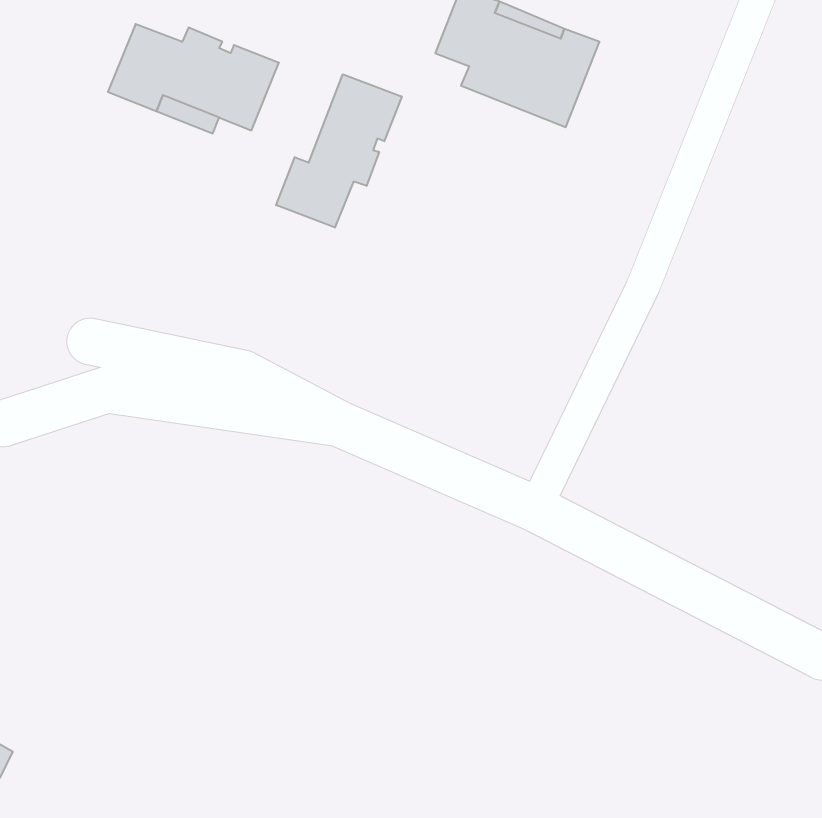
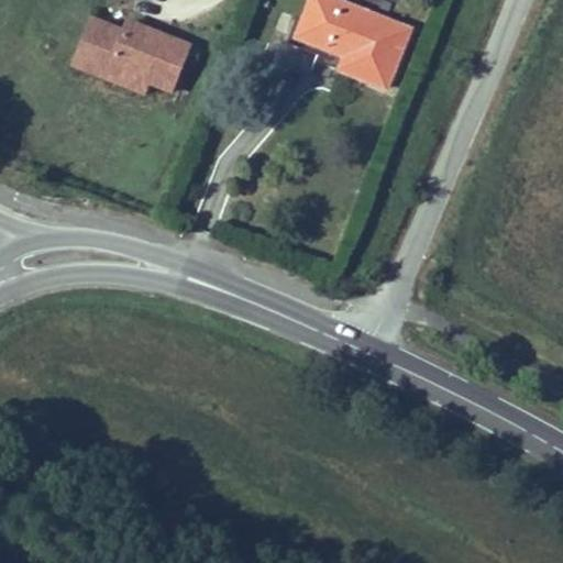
building: [276,74,402,228] -> none

